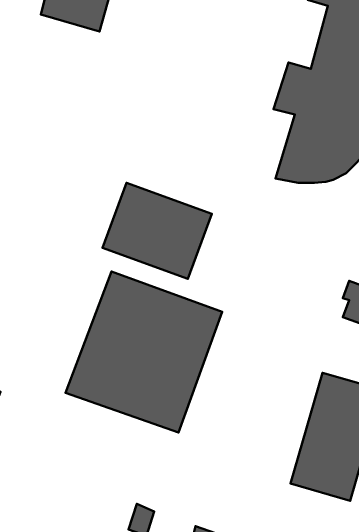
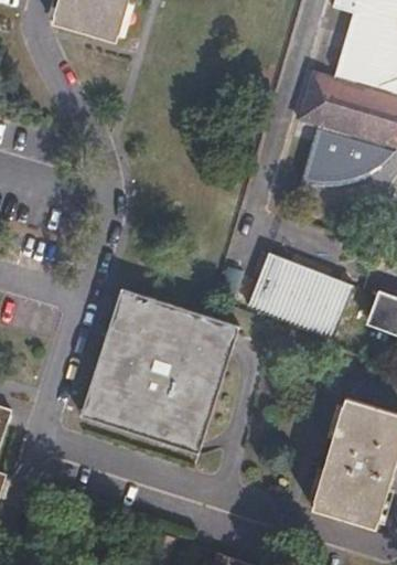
building: [103,183,212,279] -> none
building: none -> [249,255,351,340]

